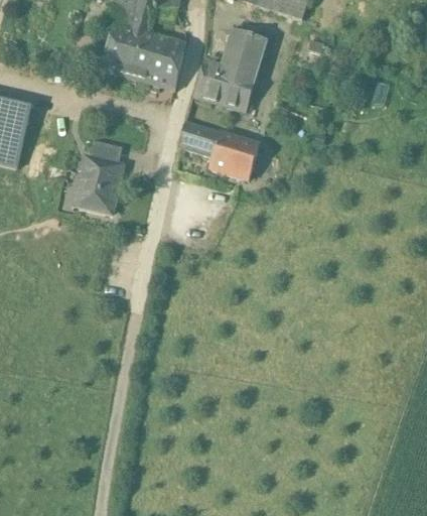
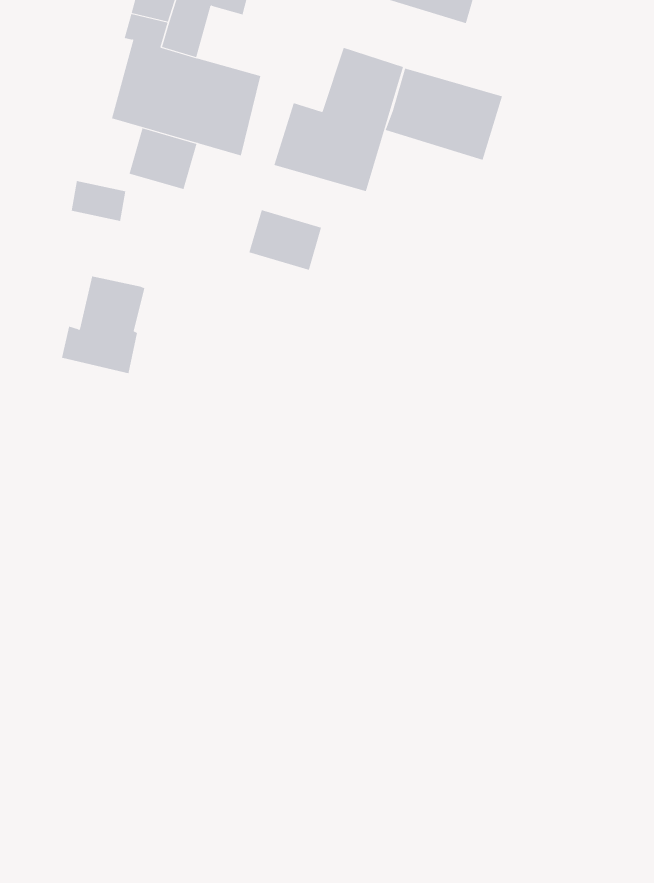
building: none -> [129,128,197,190]
building: [208,131,275,183] -> [385,68,503,161]
building: [90,141,121,164] -> [71,180,126,221]

